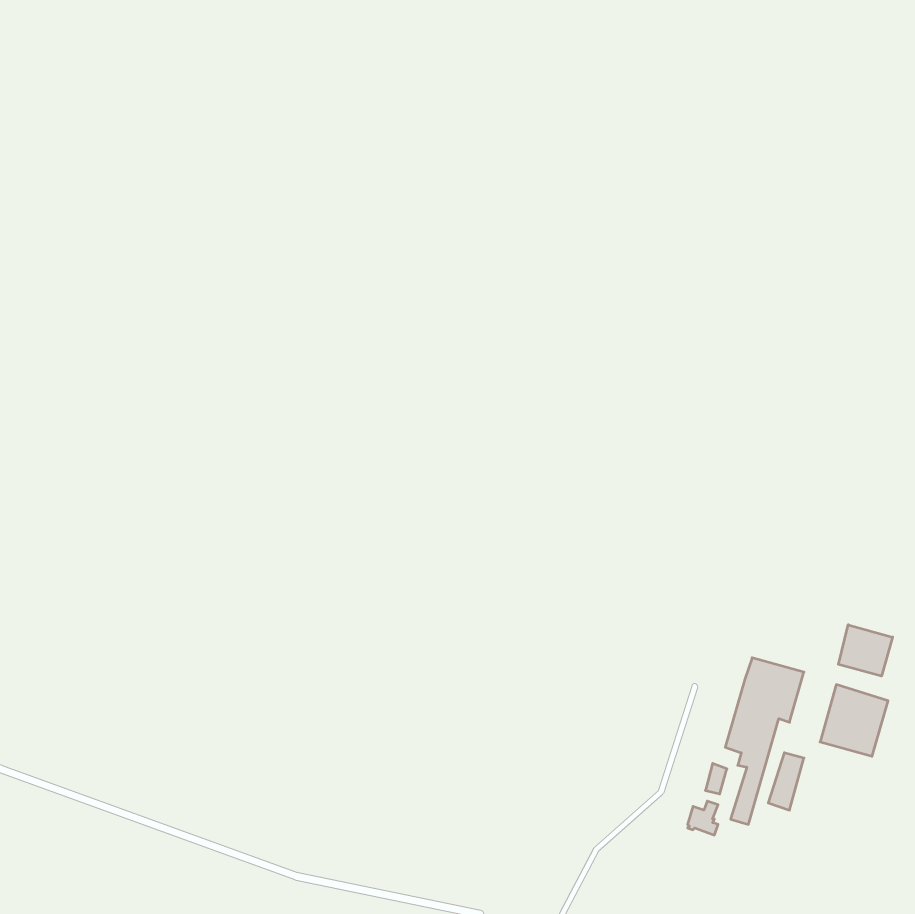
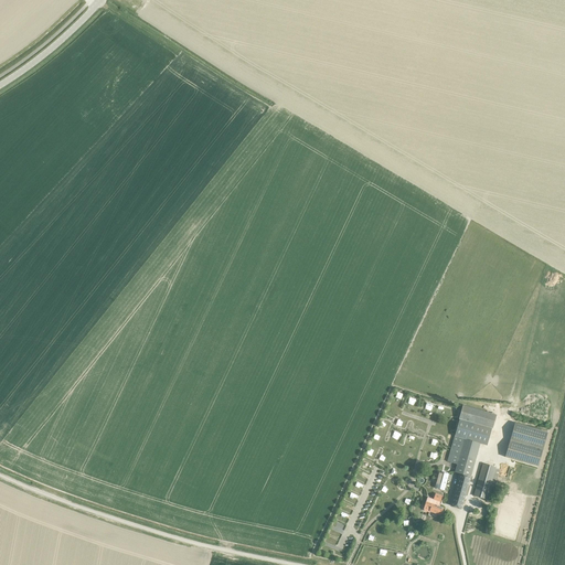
building: [838,625,893,676] -> none

